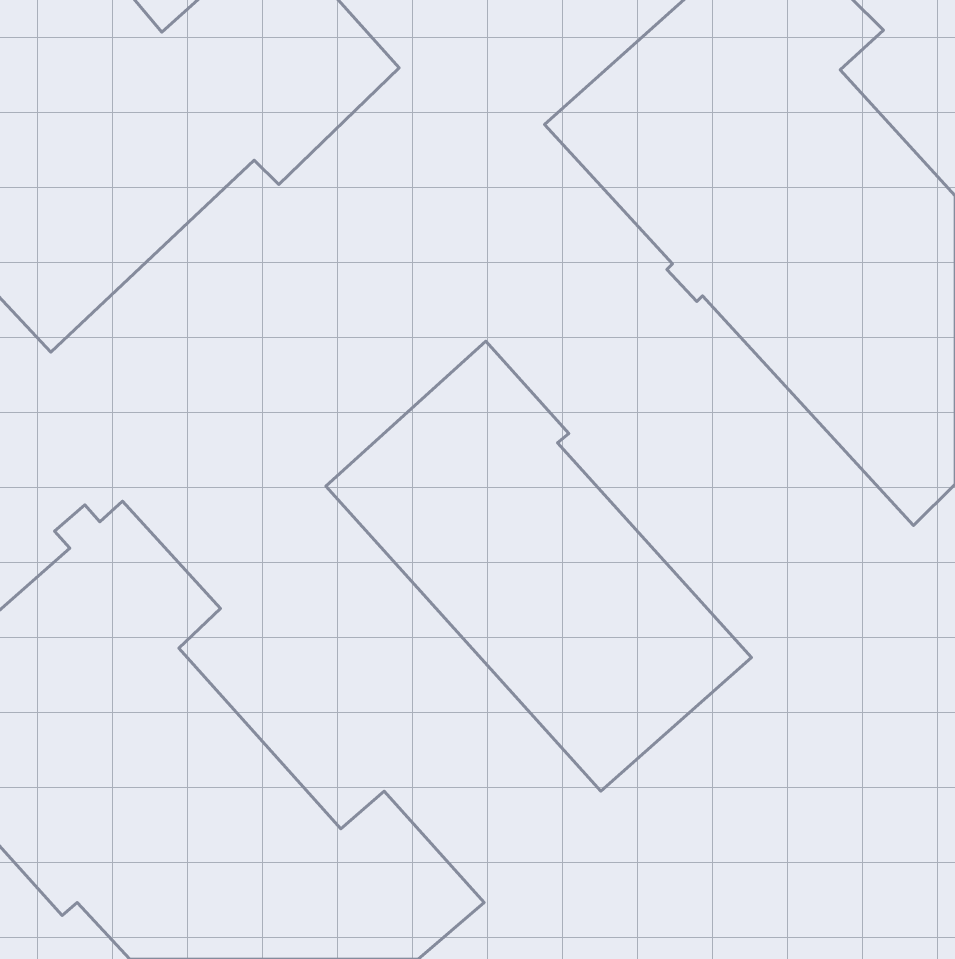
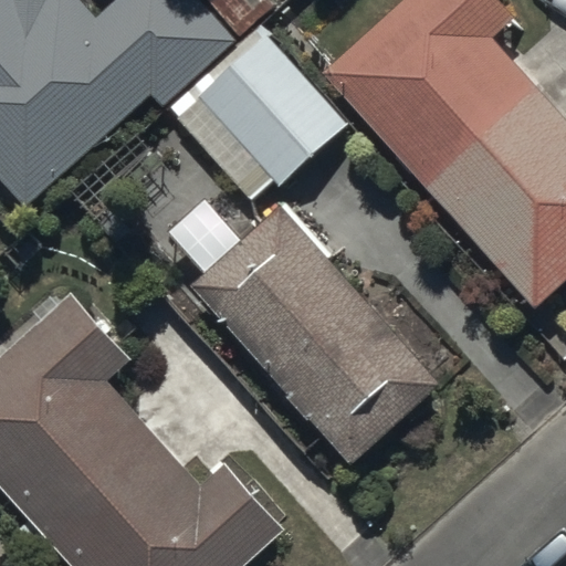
building: none -> [171,25,346,203]

